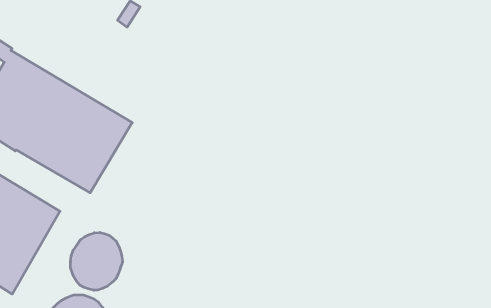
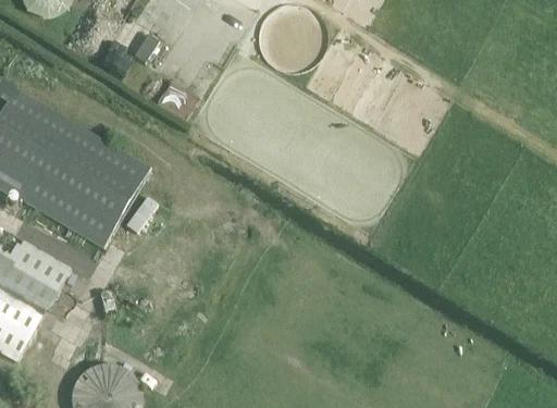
building: [70,232,122,290] -> none

